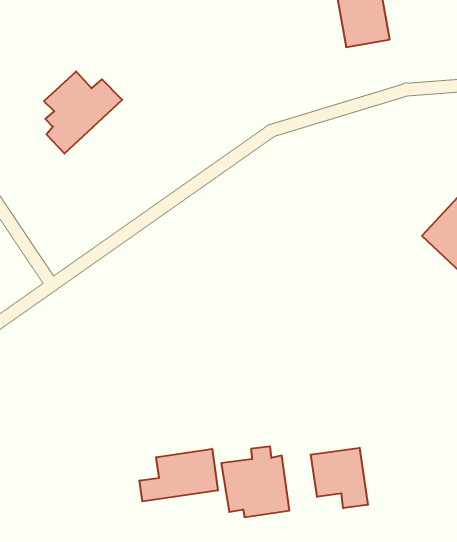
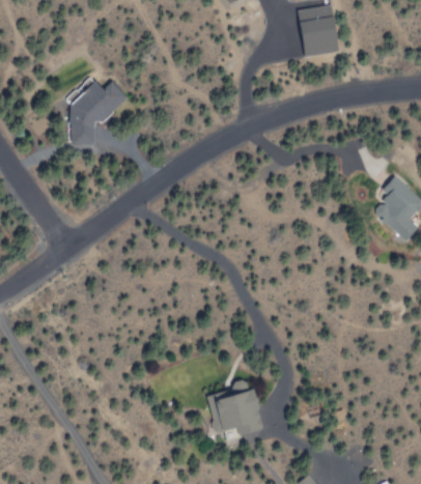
building: [311,448,368,508] -> none
building: [140,449,218,501] -> none

